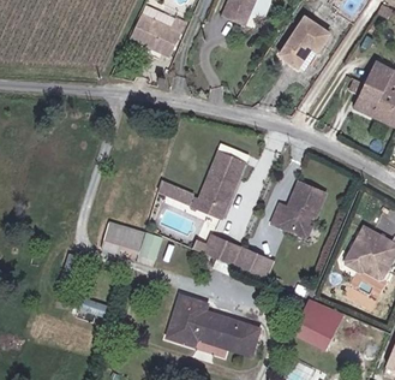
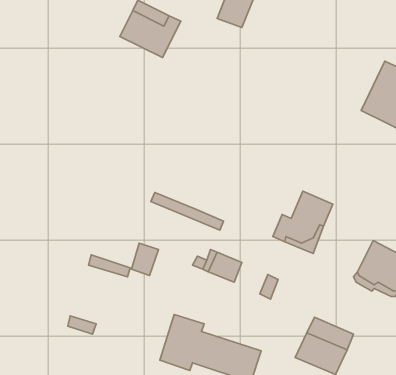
building: [280,17,329,71] -> none
building: [201,152,244,208] -> none
building: [103,221,145,251] -> none
building: [235,247,267,275] -> none

